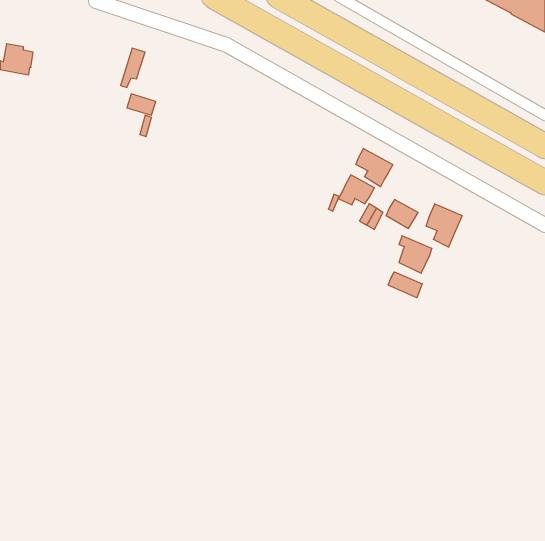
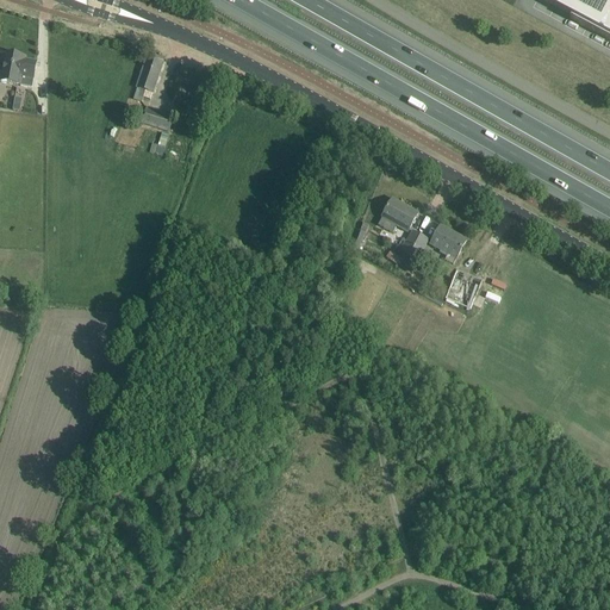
building: [356,148,393,187] -> none
building: [426,204,462,247] -> none
building: [388,272,422,298] -> none

